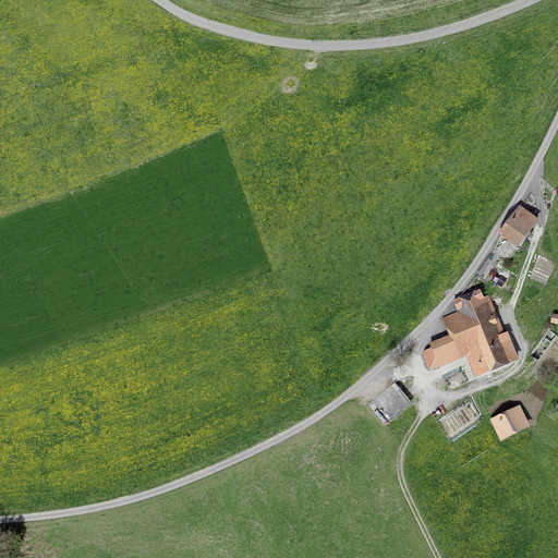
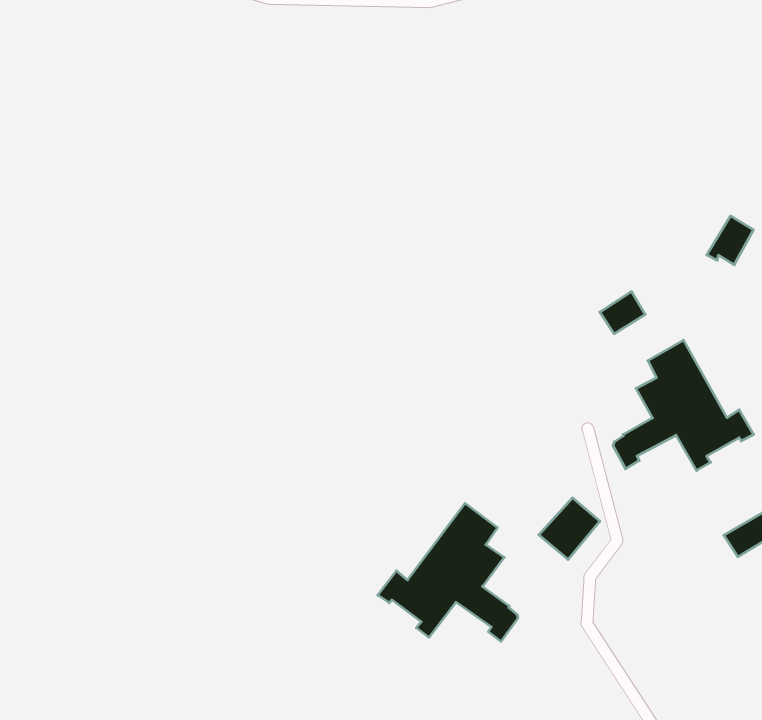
building: none -> [600,292,645,334]
building: none -> [378,503,518,641]

